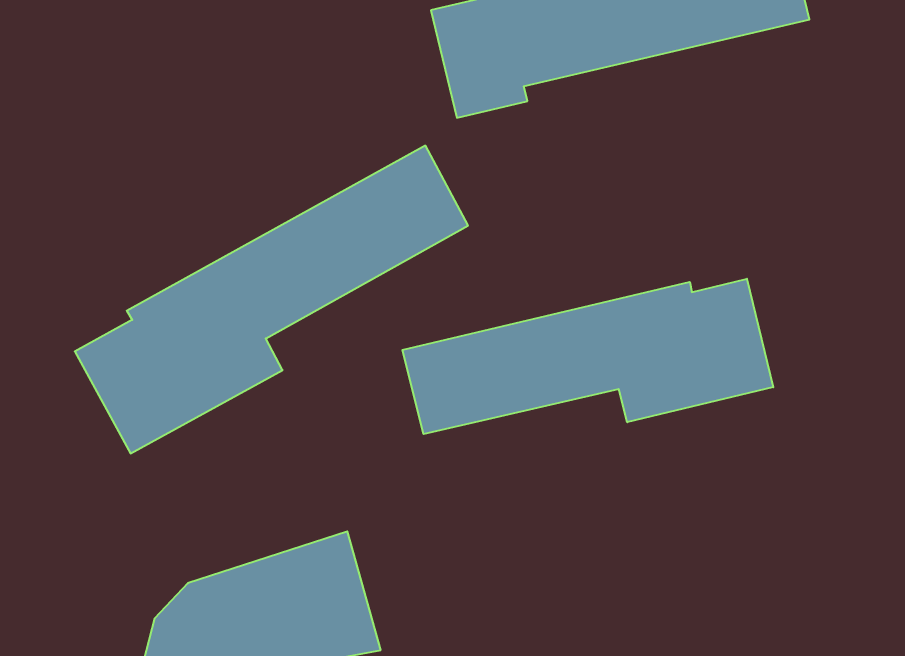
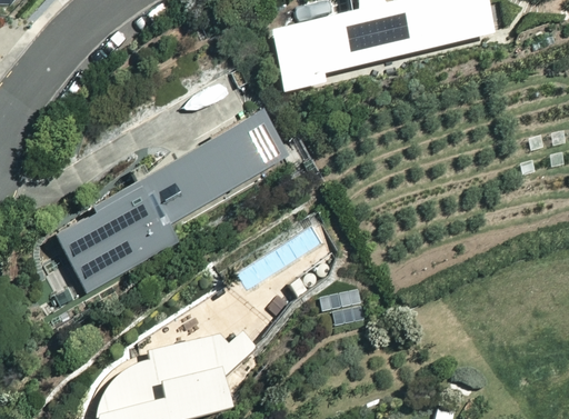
building: [402,279,773,434] -> none

